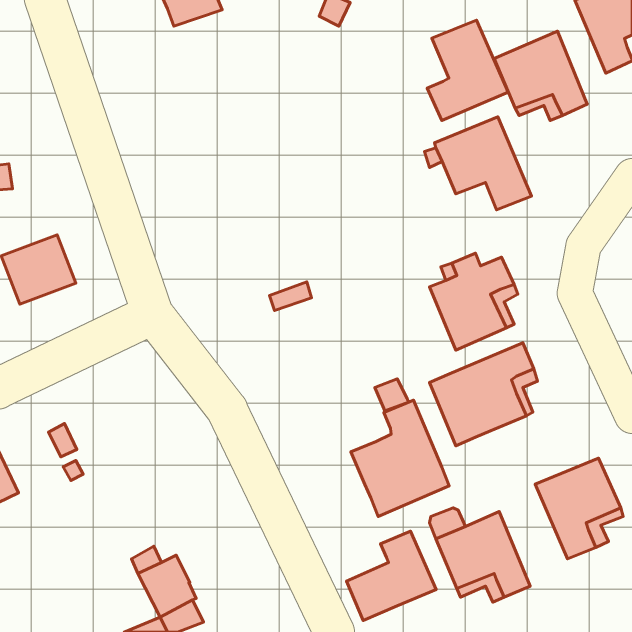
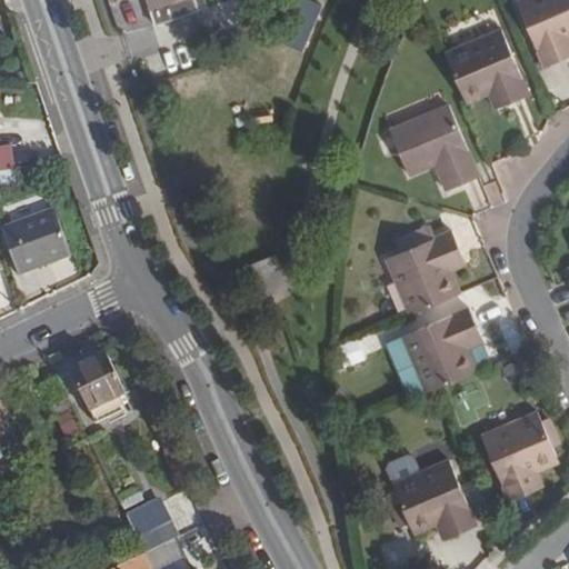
building: [427,20,508,120] -> none
building: none -> [70,352,129,421]
building: [351,400,449,516] -> none
building: [346,531,436,620] -> none

